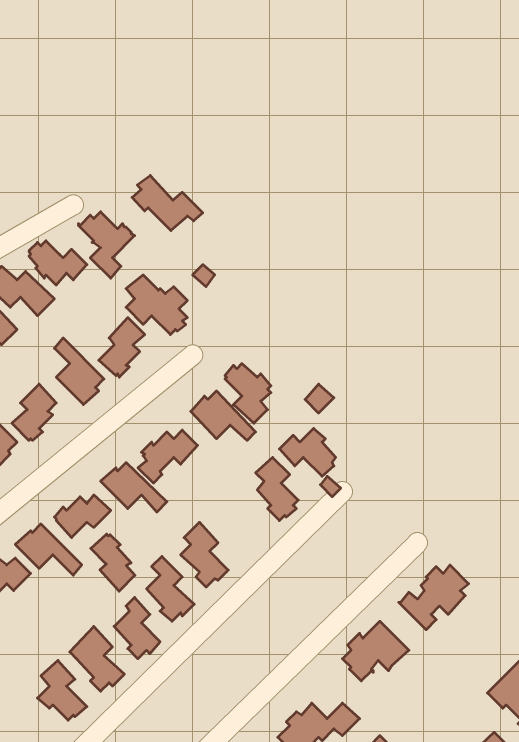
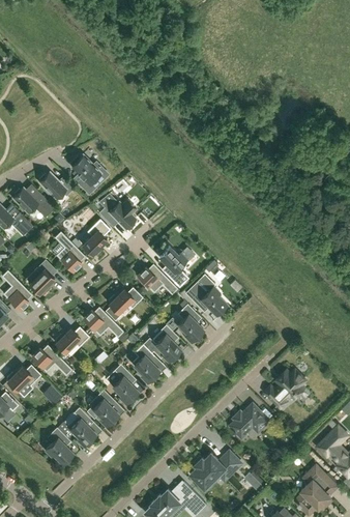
building: [132,175,203,231] -> none
building: none -> [151,325,182,363]
building: [91,534,135,591] -> none

